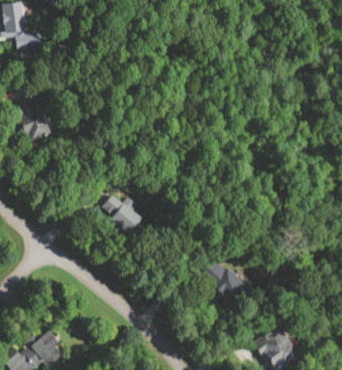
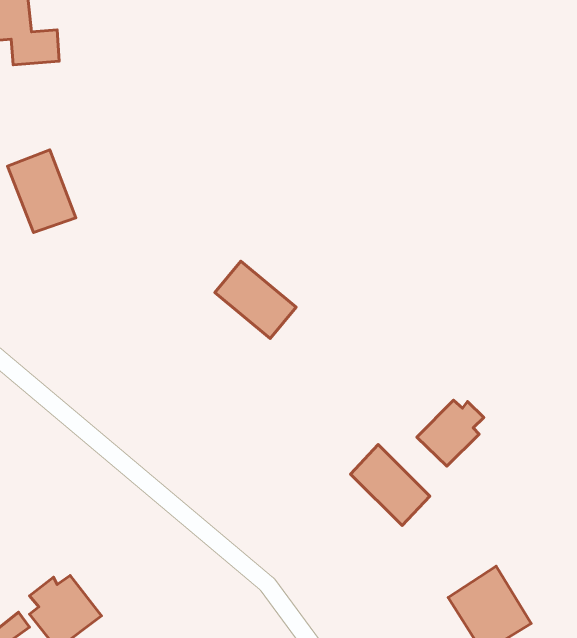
building: [98,194,142,236] -> [215,261,296,338]
building: none -> [417,400,484,466]

